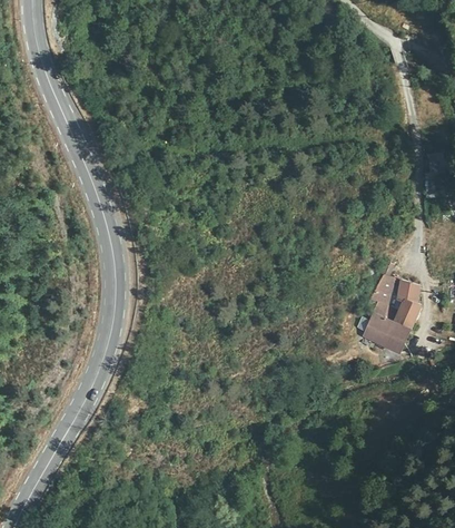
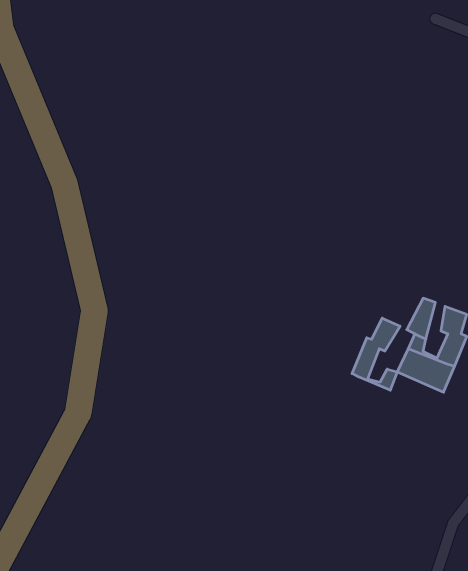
building: none -> [352,318,400,390]

